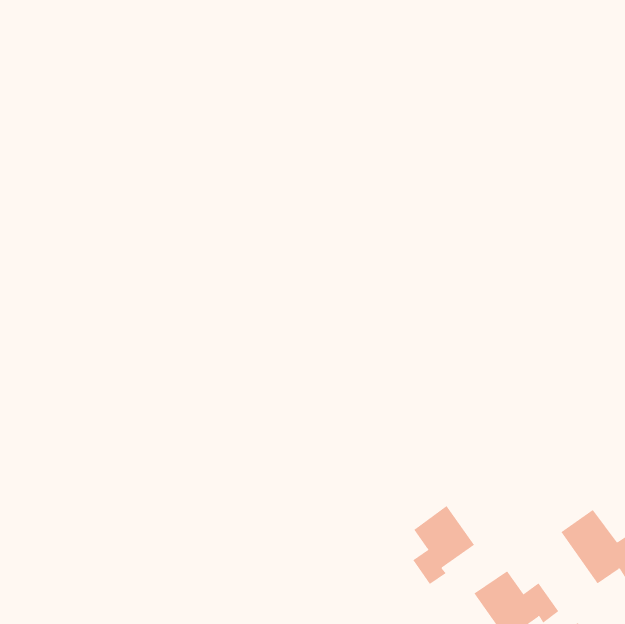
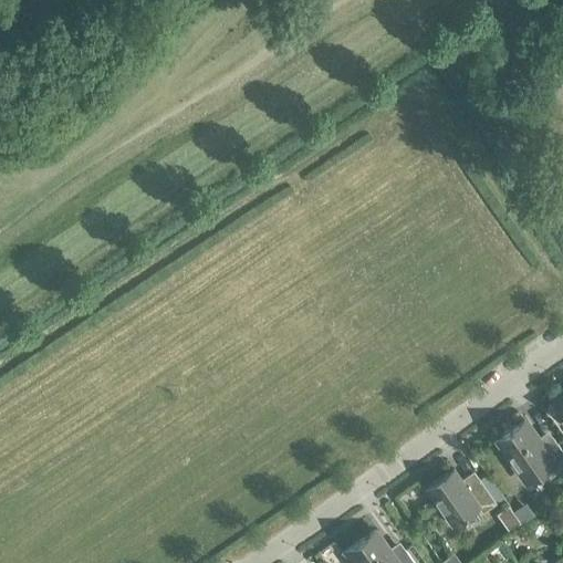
building: [412,505,475,585] -> none

